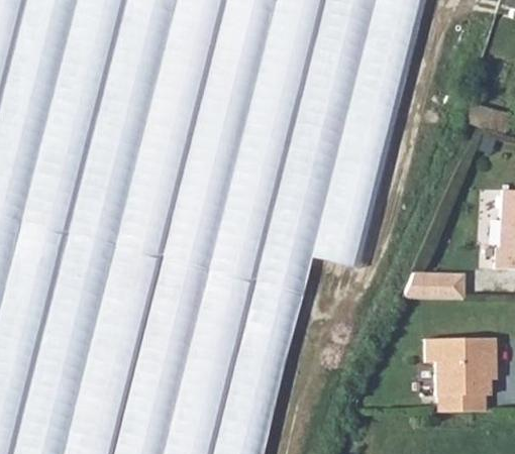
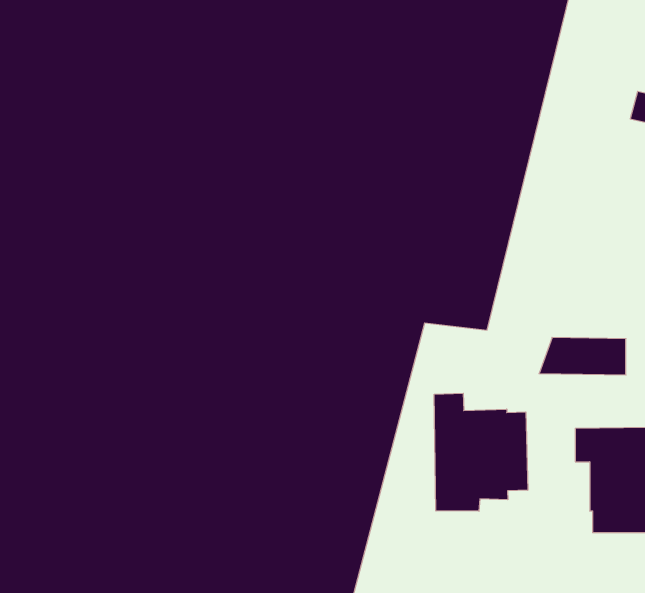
building: none -> [434,393,528,511]

